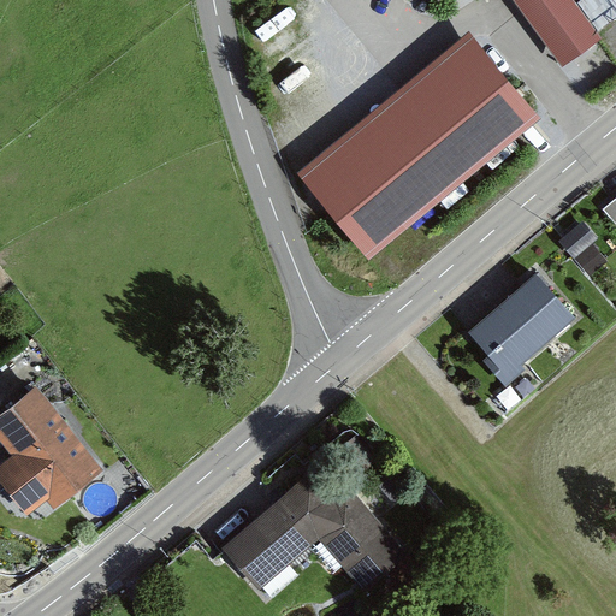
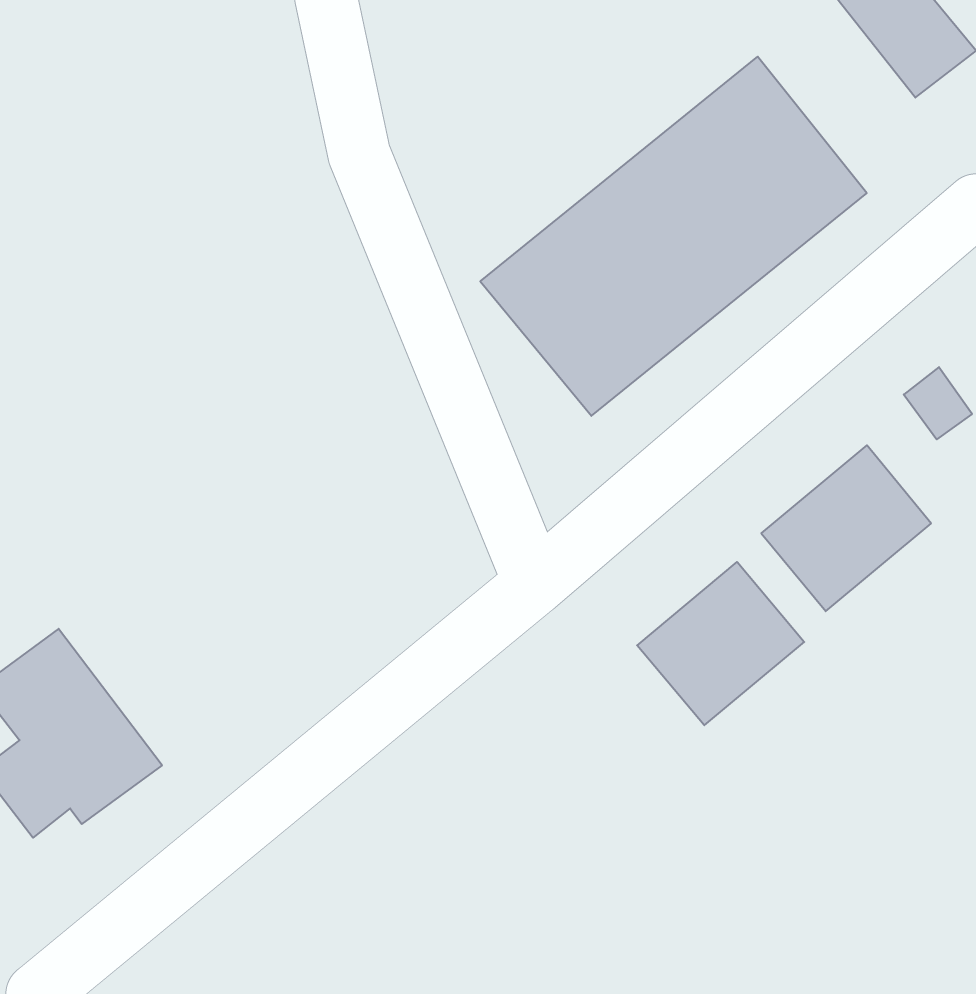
building: none -> [637,562,804,725]
building: [224,466,402,598] -> none

